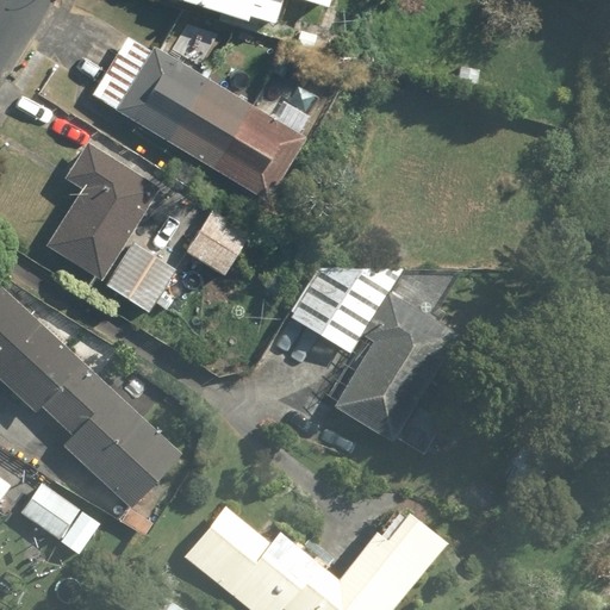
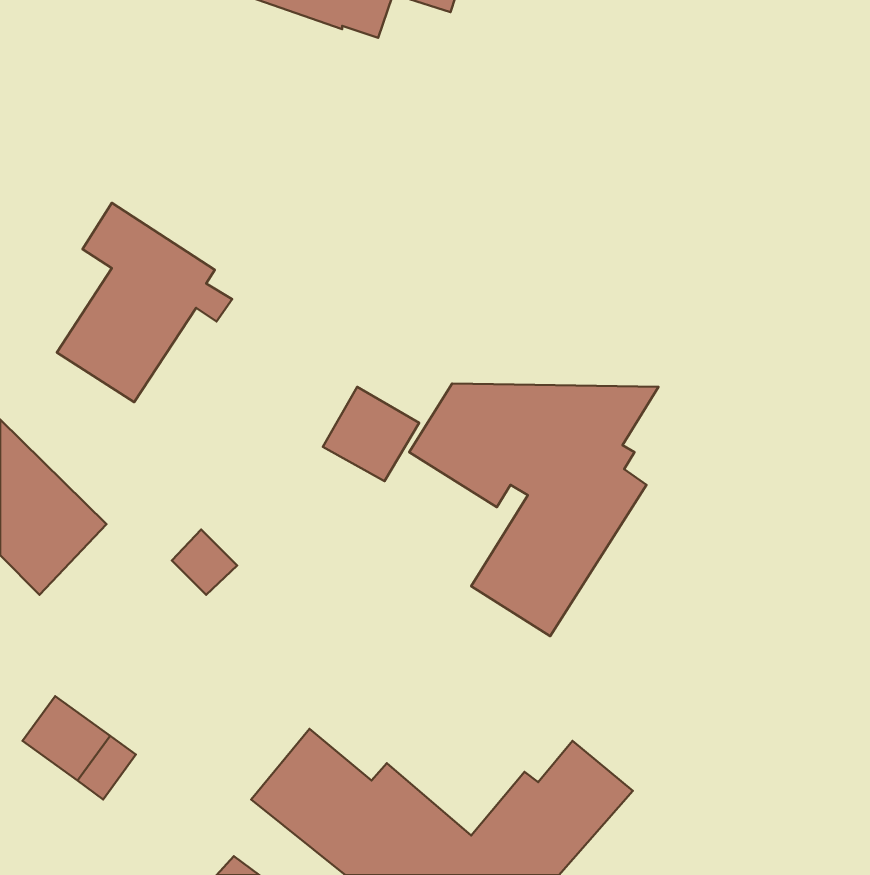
building: [92,30,307,204] -> none
building: [183,208,250,274] -> [323,387,419,481]
building: [105,243,174,312] -> none
building: [48,367,182,510] -> none

